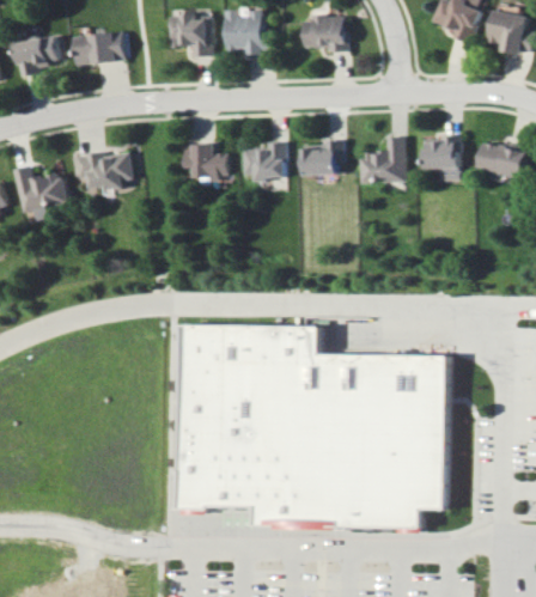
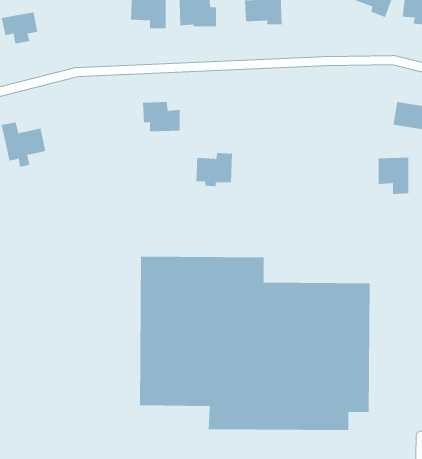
building: [71,30,124,66] -> none
building: [359,136,407,182] -> none
building: [424,136,461,181] -> [378,157,409,195]
building: [242,141,286,182] -> [195,153,233,187]
building: [303,142,345,175] -> none
building: [75,151,132,190] -> none

